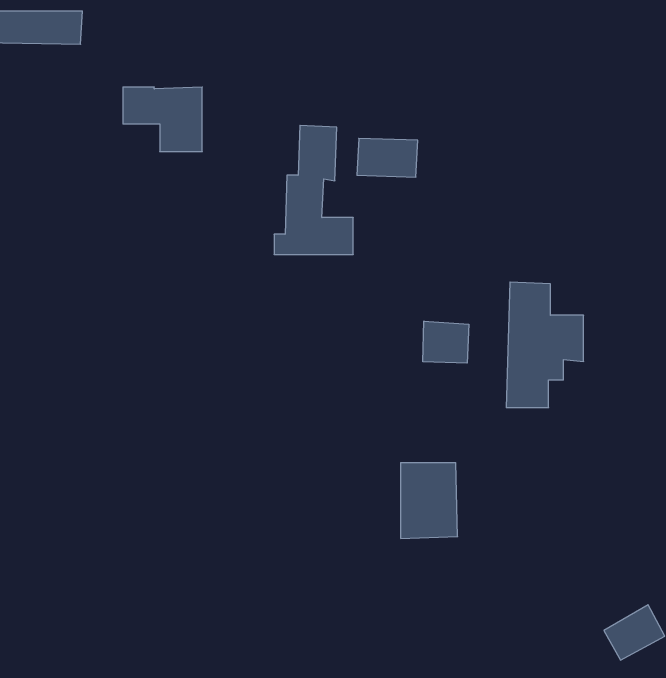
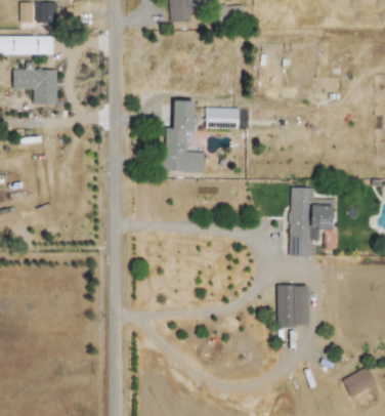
building: [123,87,202,152] -> [13,69,57,105]
building: [423,321,469,363] -> none
building: [401,463,458,538] -> [277,285,309,327]

